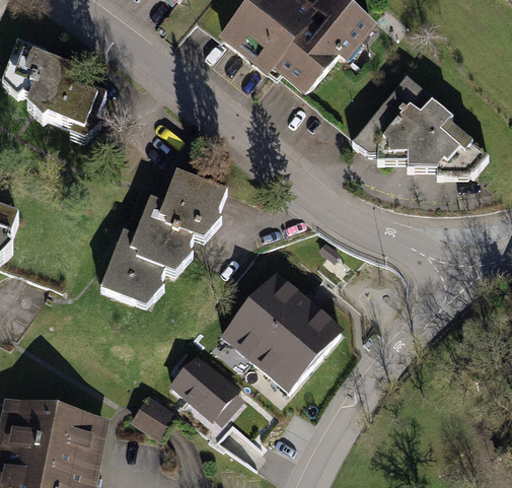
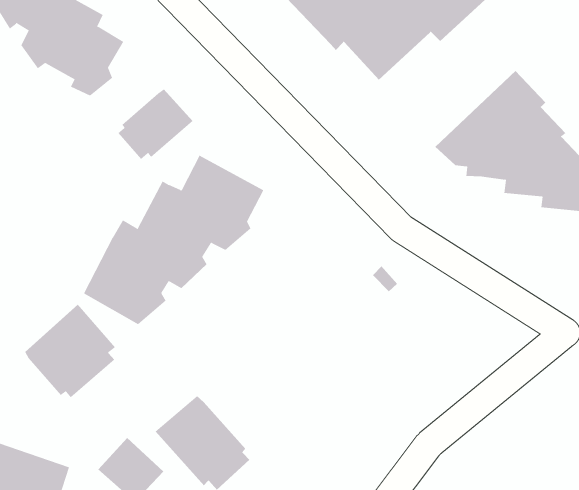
building: none -> [118,89,194,160]
building: [220,269,345,394] -> none
building: none -> [24,304,116,398]

